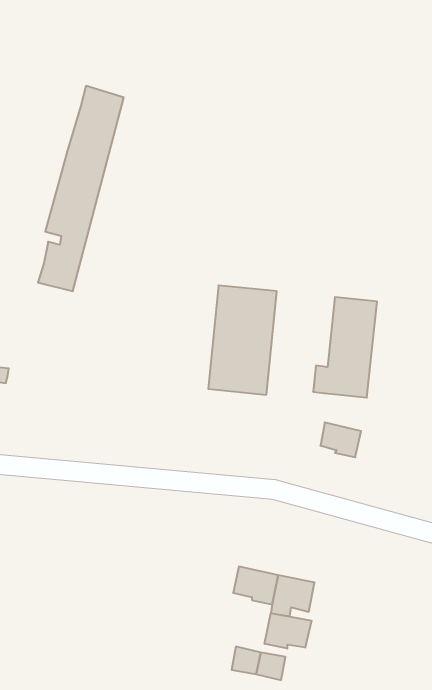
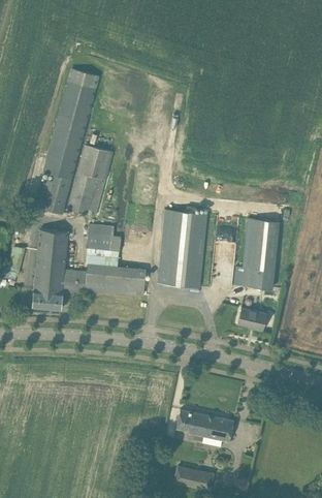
building: none -> [67,145,112,216]
building: none -> [32,224,146,310]
building: [265,613,312,649] -> none

